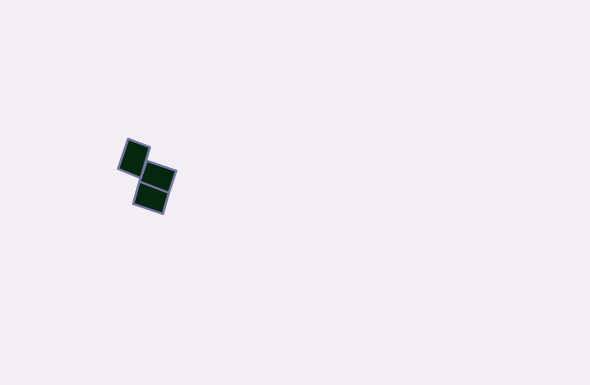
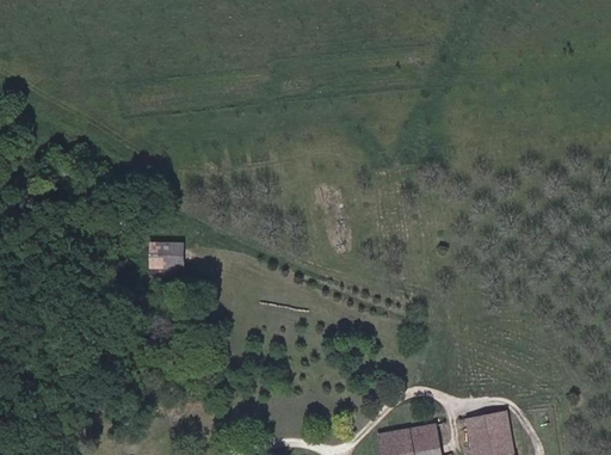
building: [118,139,150,178] -> none

